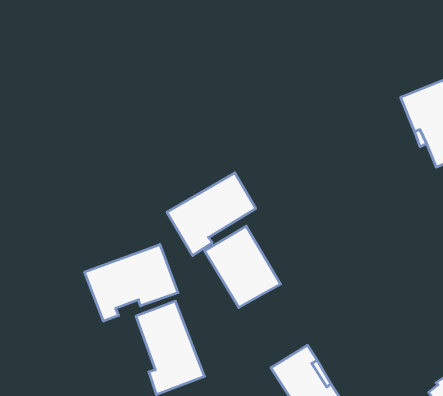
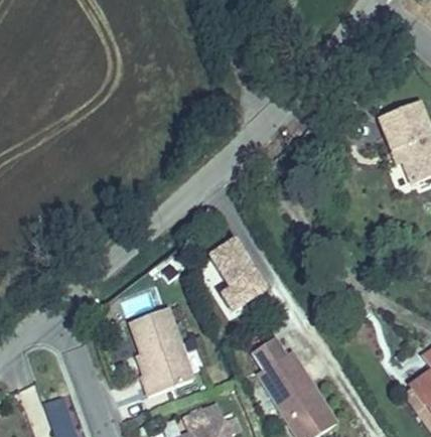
building: [167,173,256,256] -> none
building: [85,244,178,321] -> none

